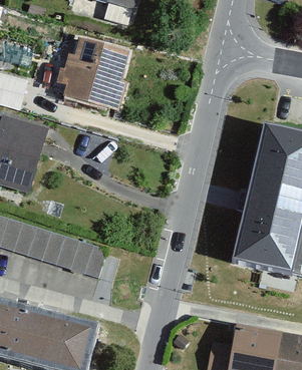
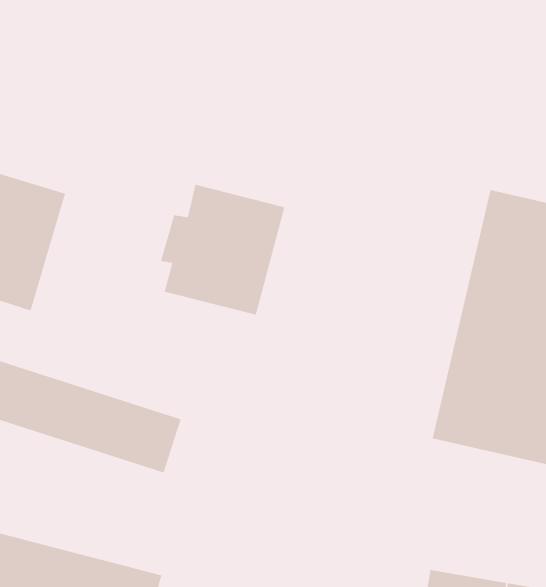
building: [61,39,126,107] -> [160,184,285,315]

